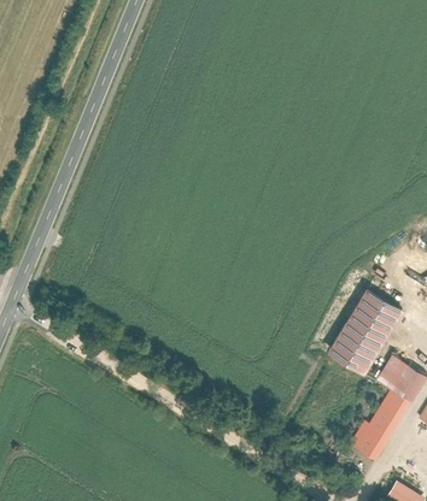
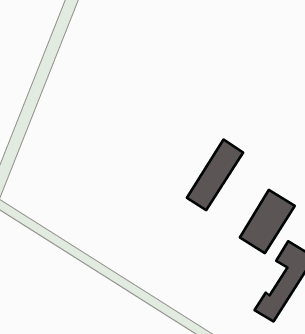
building: none -> [187,139,243,210]

